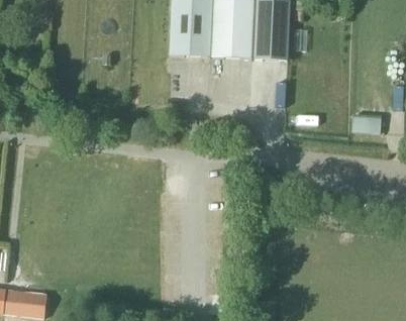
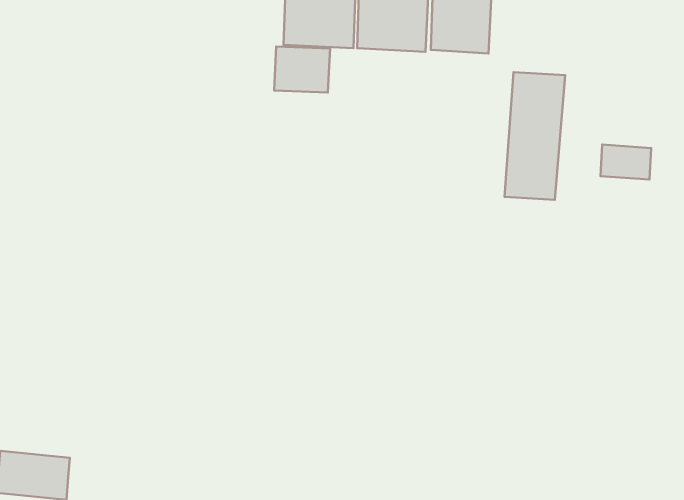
building: none -> [274,47,330,92]
building: none -> [504,72,565,200]

